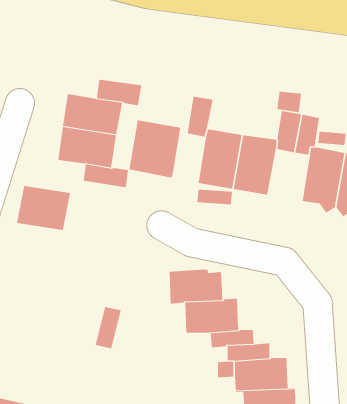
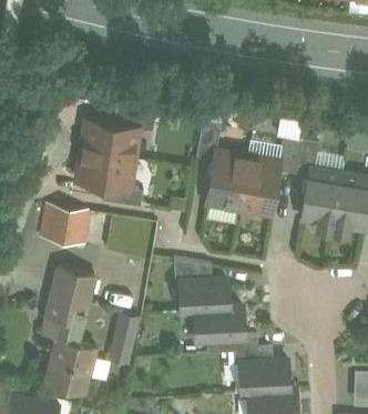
building: [129,119,181,178] -> none
building: none -> [173,260,212,284]
building: none -> [42,266,95,392]

